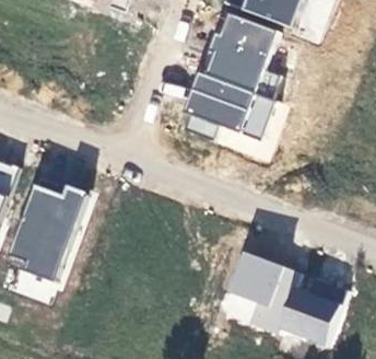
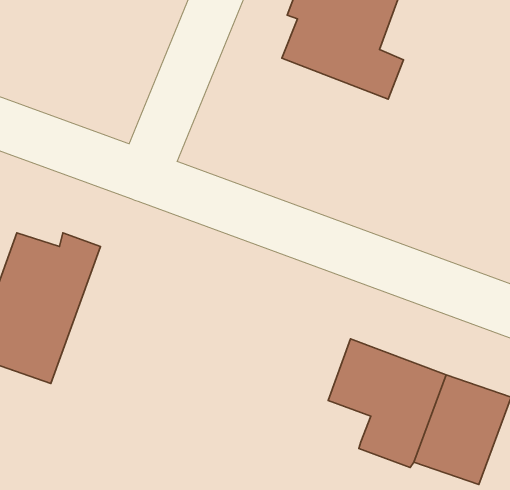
building: [183,71,277,140] -> none

